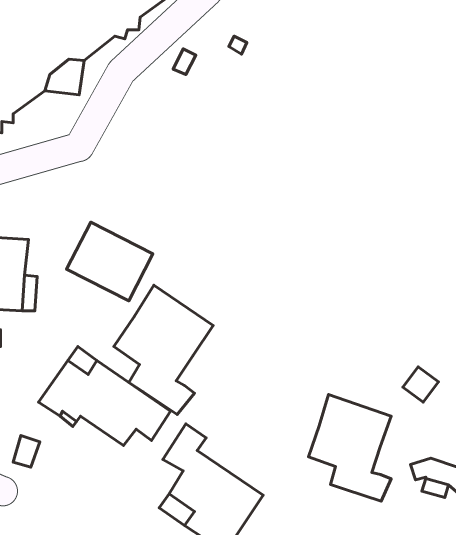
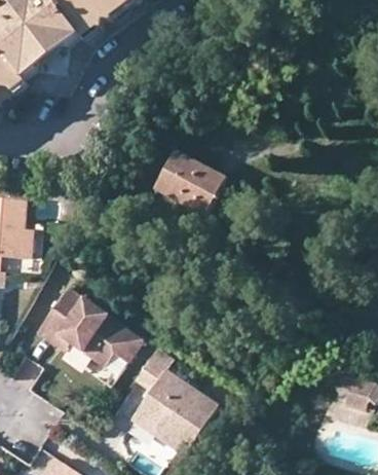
building: [67,222,153,301] -> [155,150,225,214]
building: [114,285,213,414] -> none
building: [308,394,391,501] -> none

